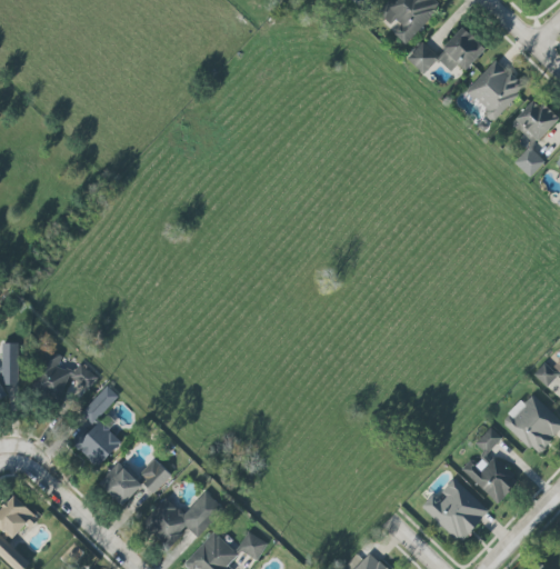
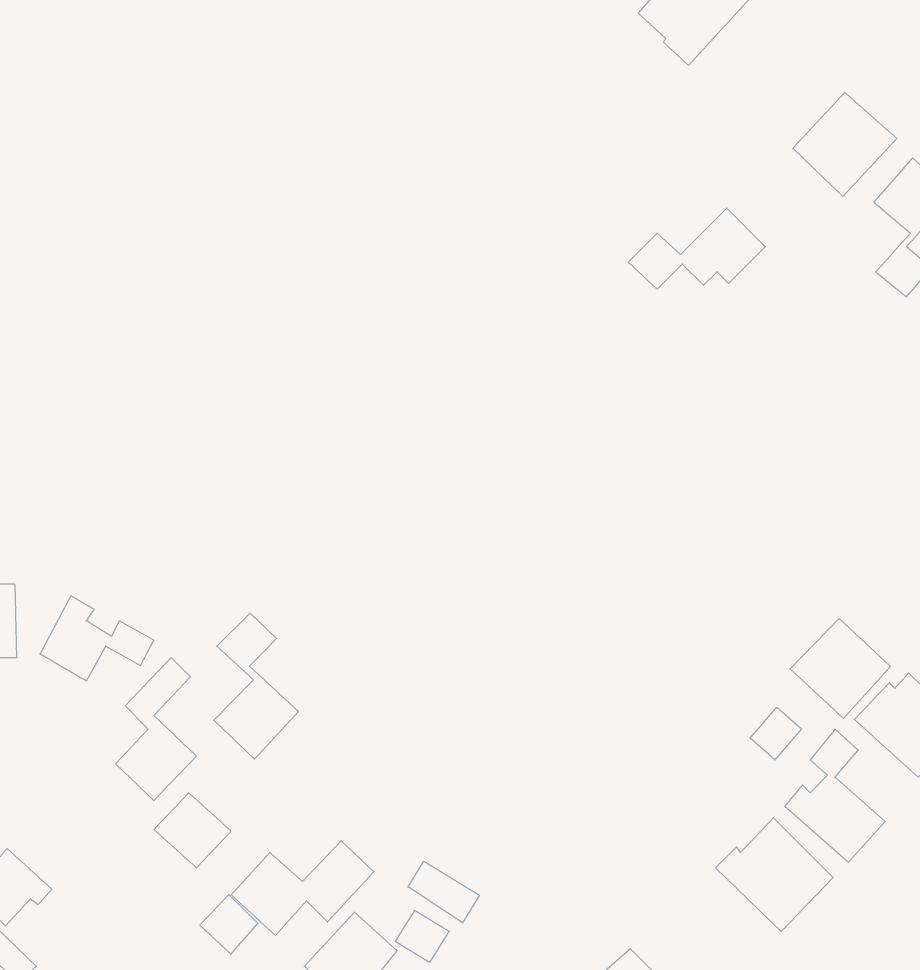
building: [407,27,486,73] -> [628,208,765,289]
building: none -> [214,613,298,759]
building: none -> [790,619,890,718]
building: none -> [750,707,802,760]
building: [138,458,171,492] -> [200,894,258,954]
building: none -> [408,861,479,923]

